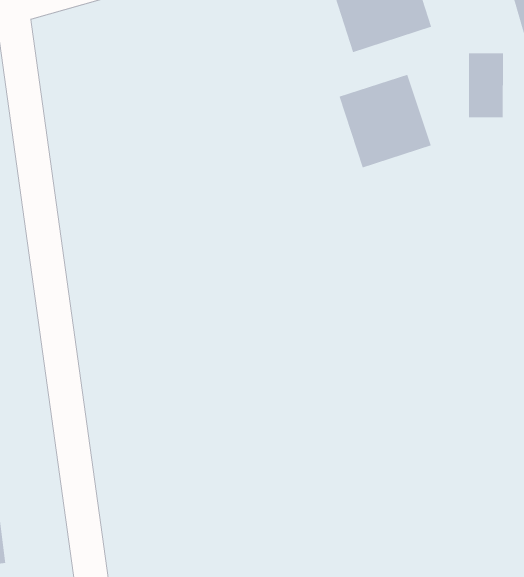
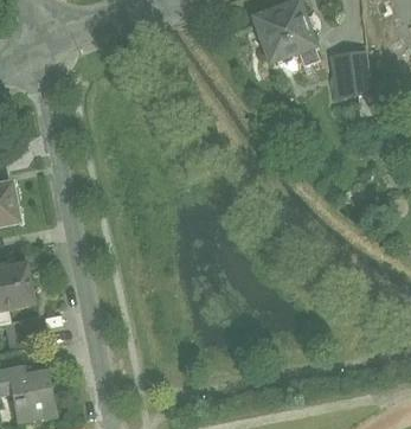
building: [339,74,432,168] -> none

